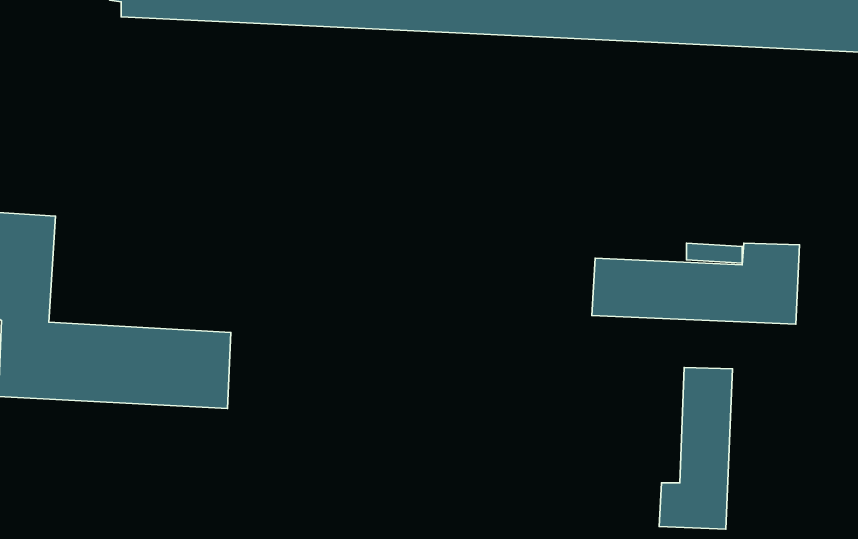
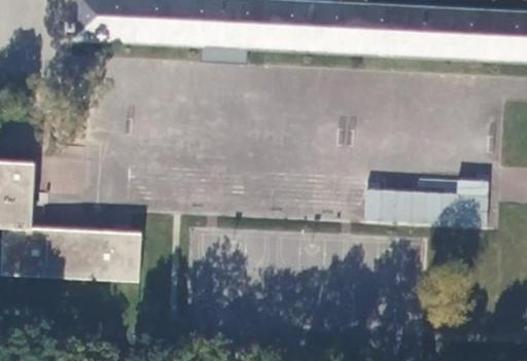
building: [659,368,733,529] -> none

